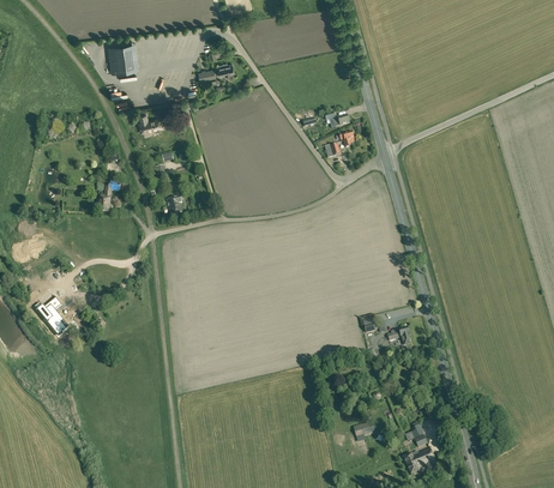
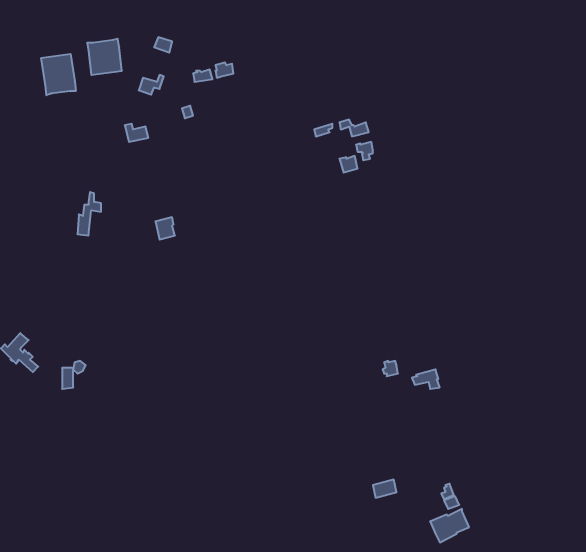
building: none -> [41,54,76,95]

